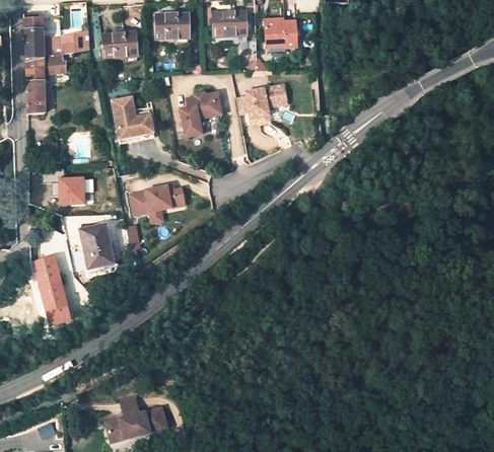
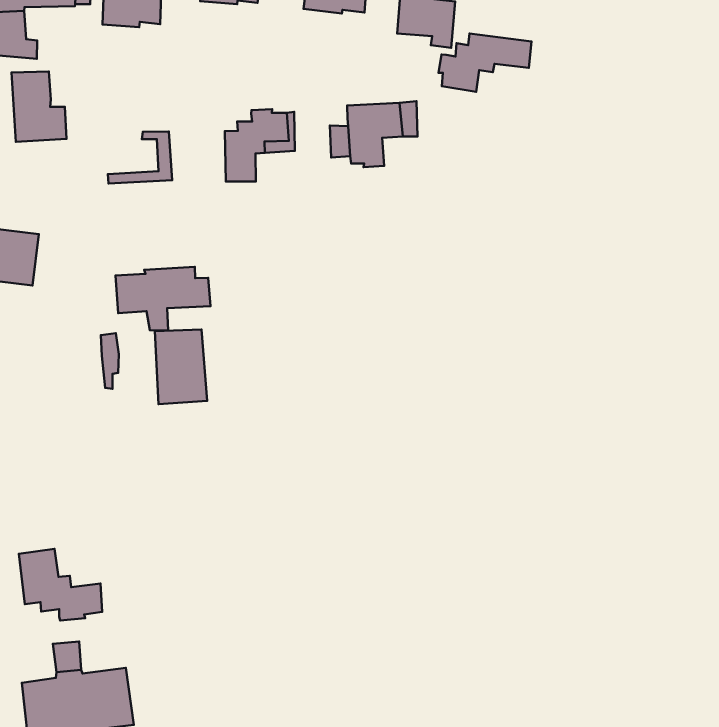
building: none -> [438,34,531,92]
building: [112,99,146,140] -> [12,71,67,142]
building: [80,225,114,269] -> [155,329,207,404]
building: none -> [19,549,102,620]

